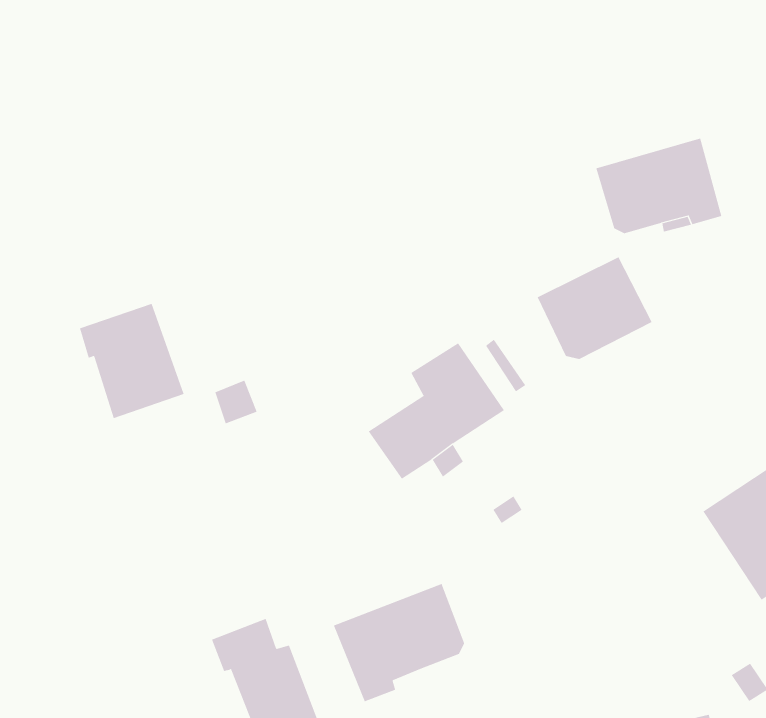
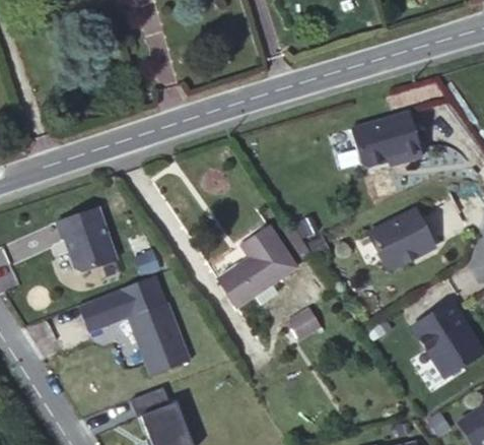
building: [537,256,653,360] -> [368,210,434,269]
building: none -> [78,274,191,375]
building: [333,583,465,702] -> none

